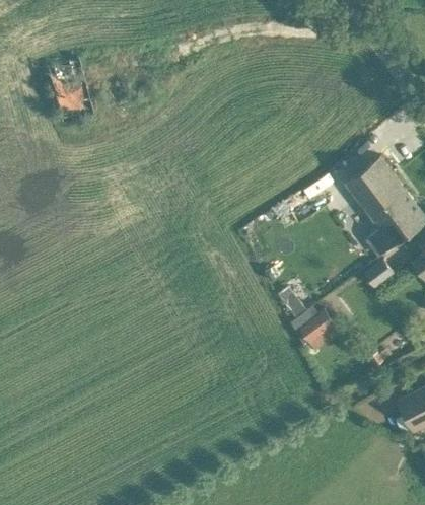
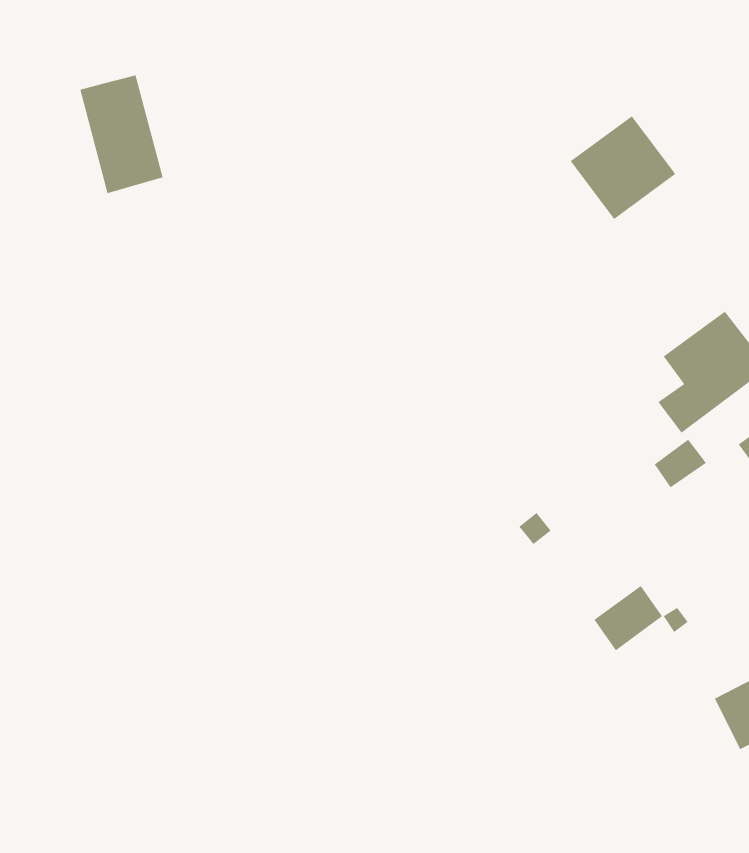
building: [346,157,405,215] -> [570,115,676,220]
building: [299,309,338,346] -> [593,585,663,651]

